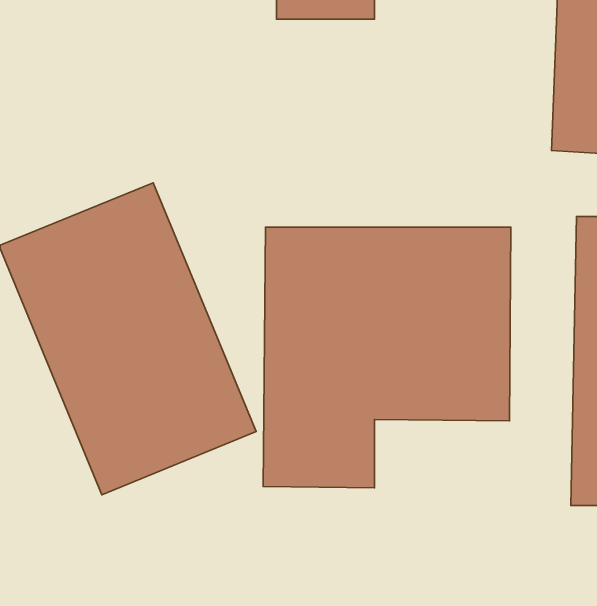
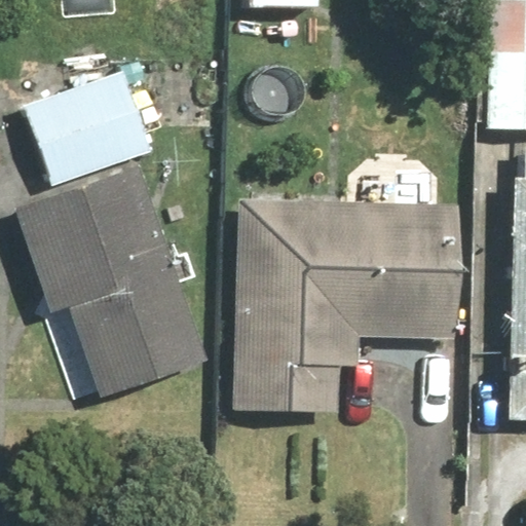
building: none -> [18,66,153,186]

